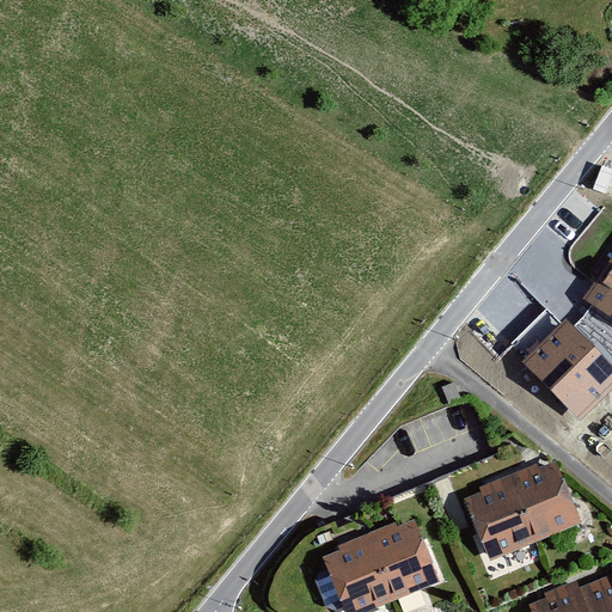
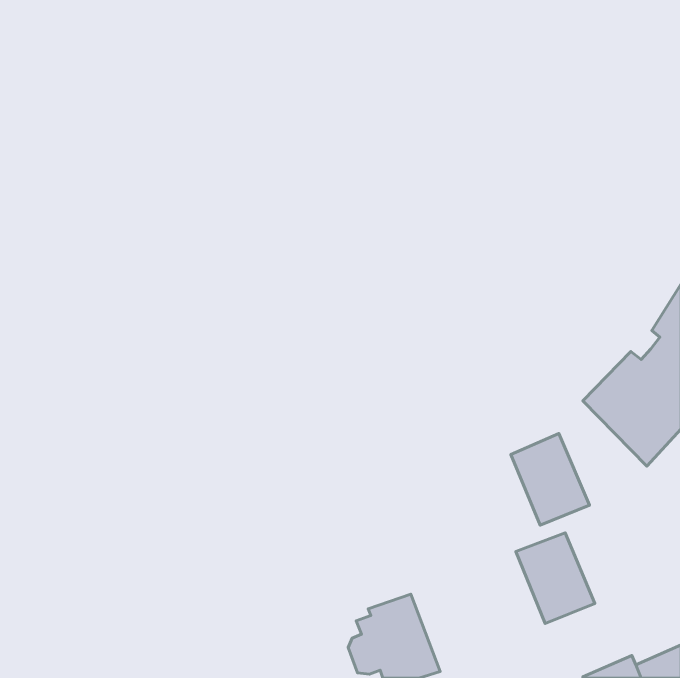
building: [508,459,579,541] -> [511,433,590,525]
building: [369,518,436,602] -> none

